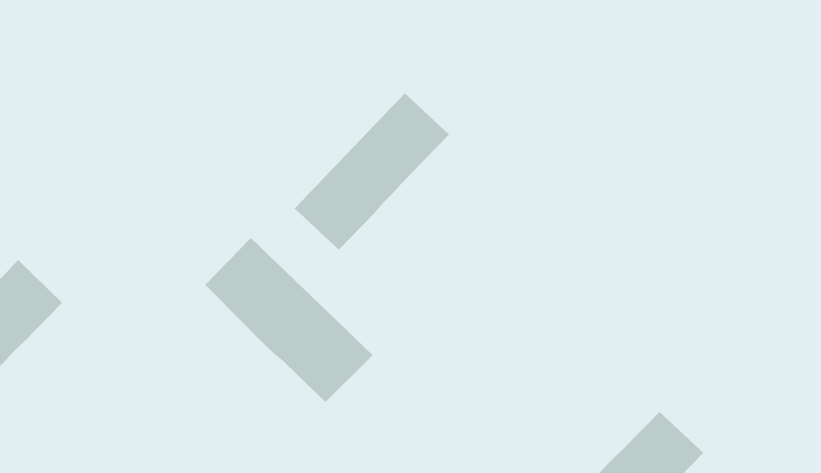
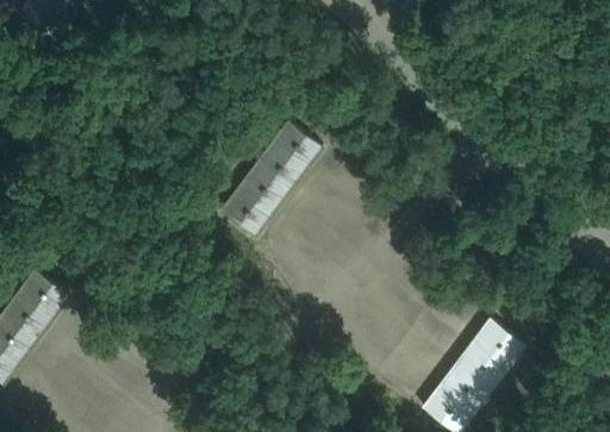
building: [205,237,373,403] -> none

